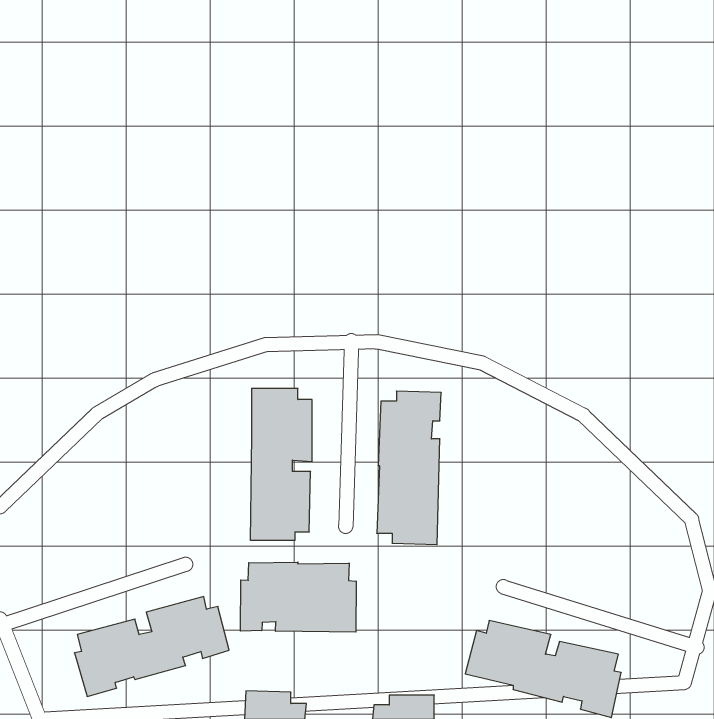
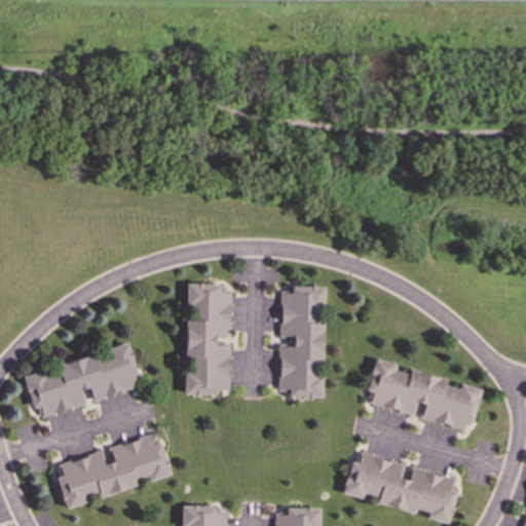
building: none -> [25,345,141,416]
building: none -> [368,359,482,429]
building: [240,562,356,632] -> none

